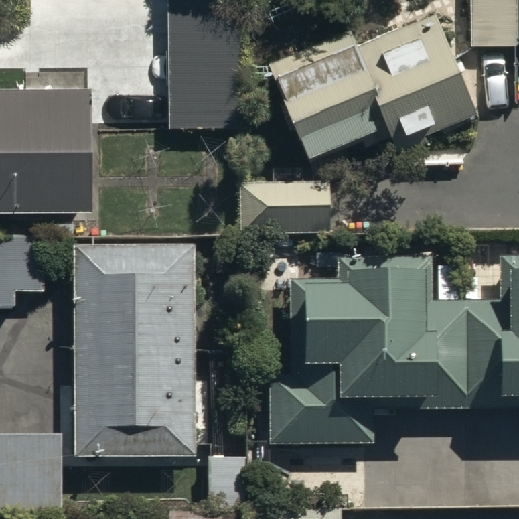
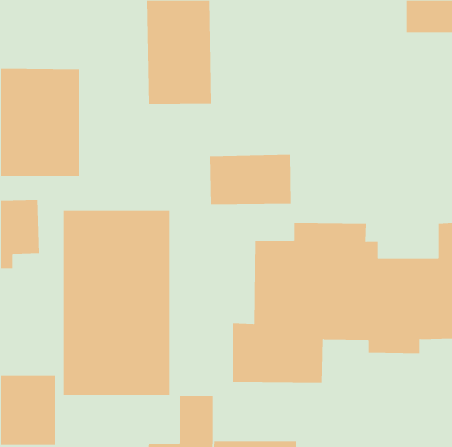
building: [270,22,476,154] -> none

